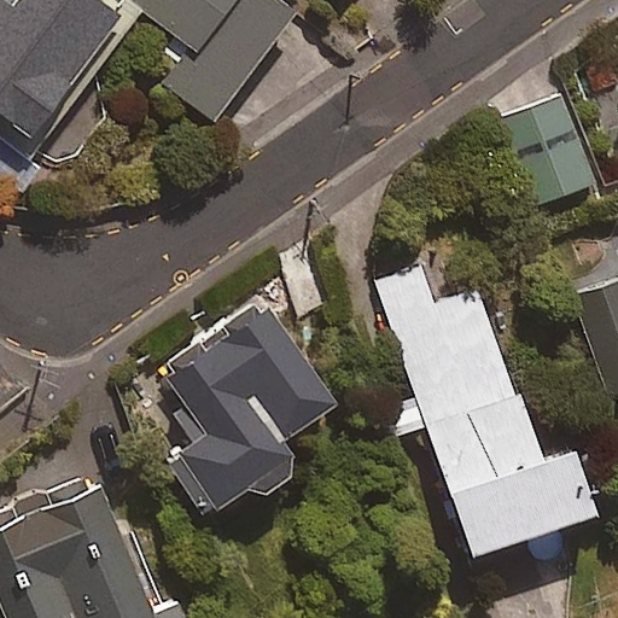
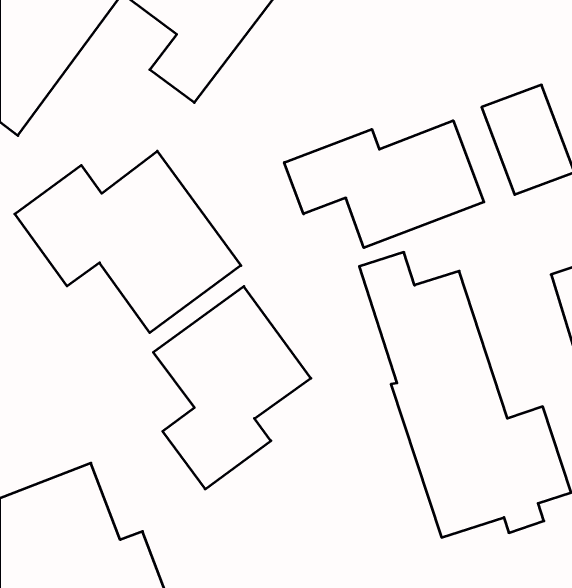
building: none -> [284,121,484,248]
building: none -> [15,151,241,333]

